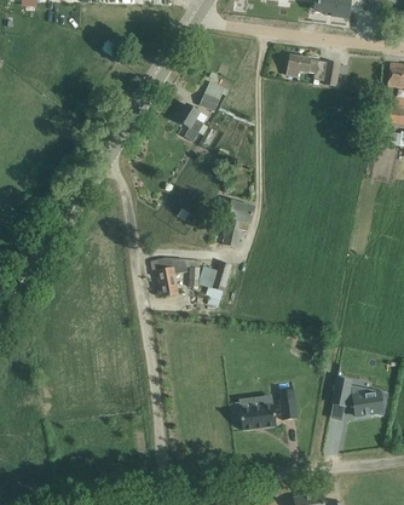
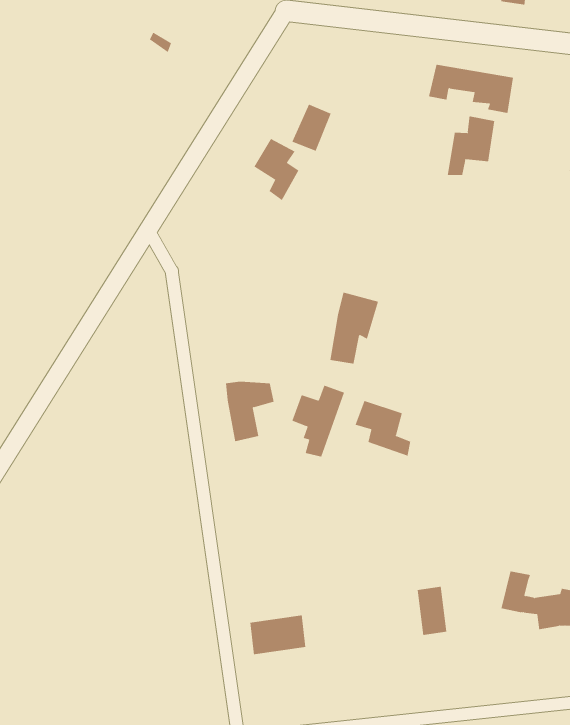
building: none -> [447,115,495,176]
building: none -> [355,400,411,457]
building: [239,404,276,430] -> [249,615,306,655]

